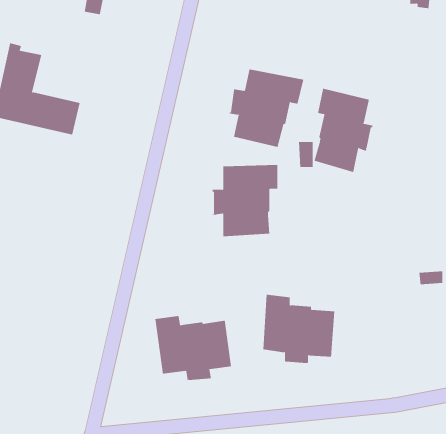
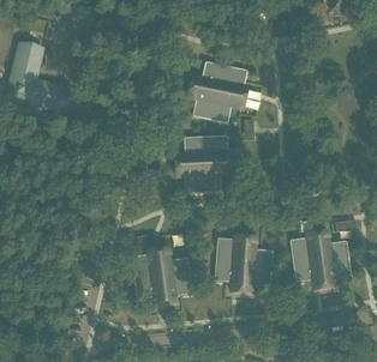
building: [314,88,373,173] -> none
building: none -> [291,236,351,288]

